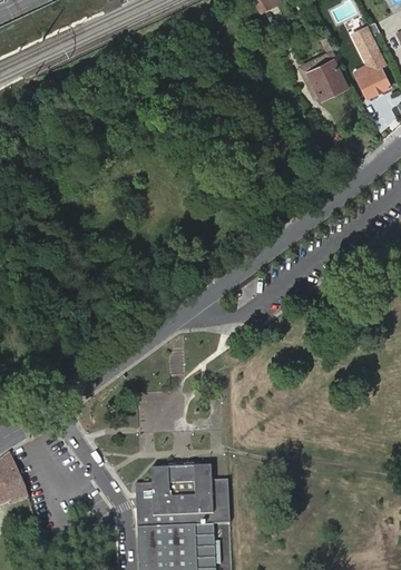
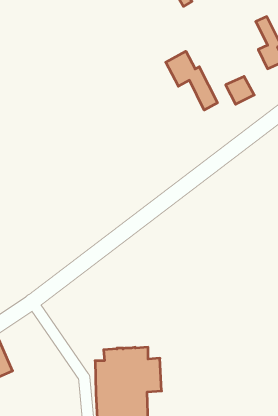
building: [309,60,346,97] -> [226,76,254,104]
building: none -> [166,51,217,110]

